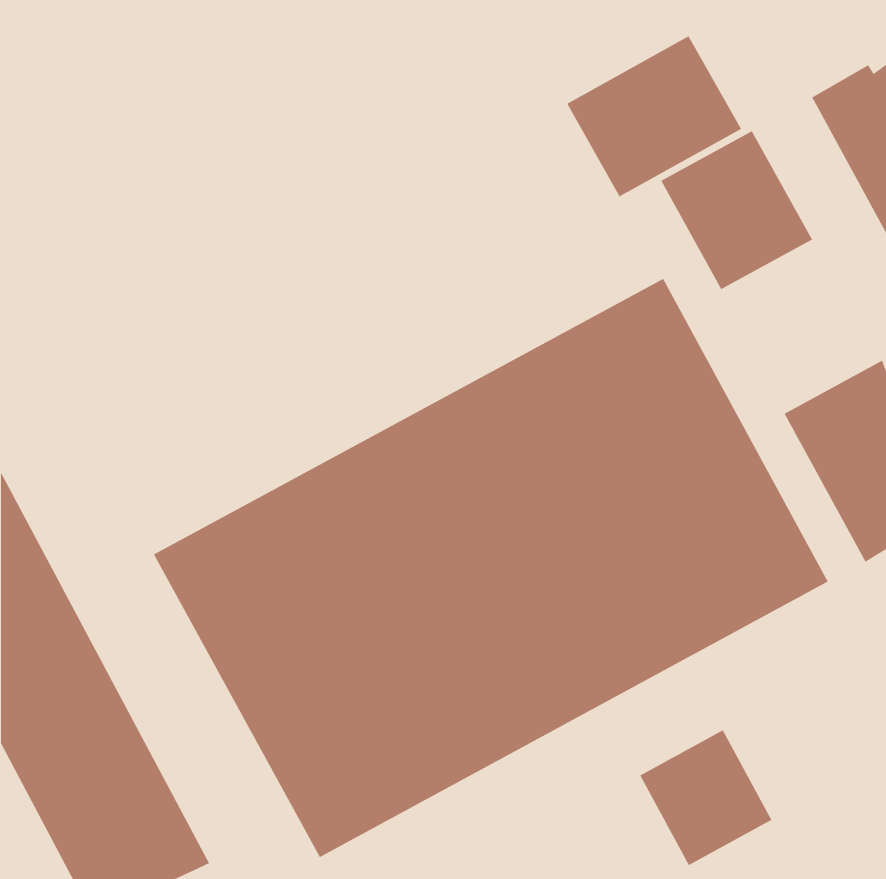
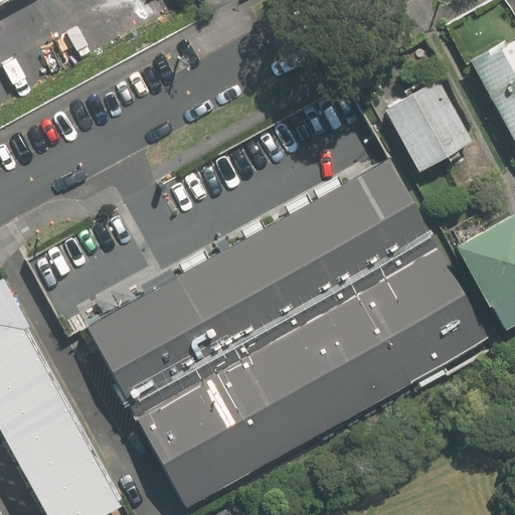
building: [566,35,742,198] -> none
building: [639,729,772,866] -> none

